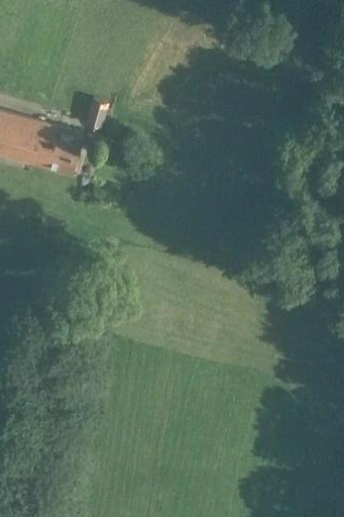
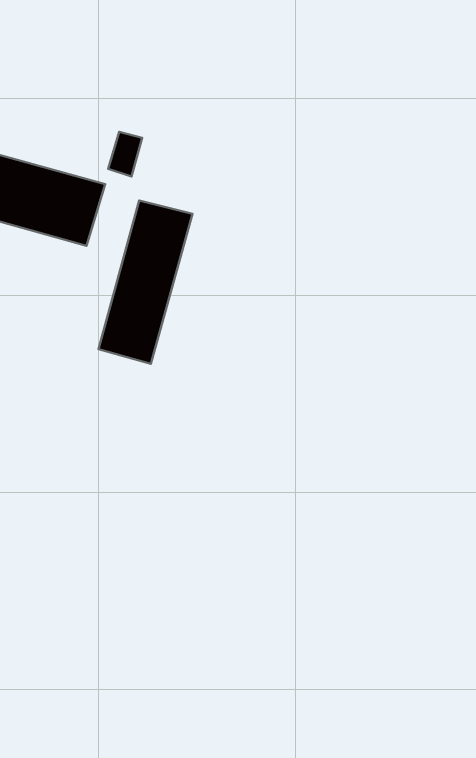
building: none -> [98,201,192,364]

